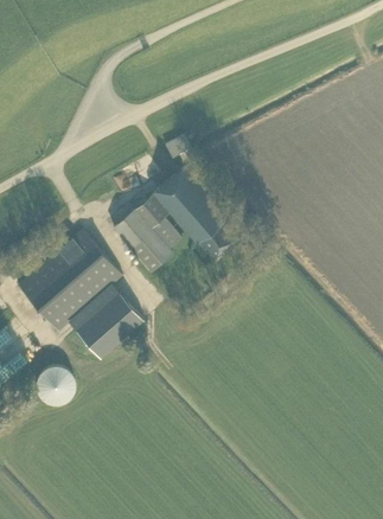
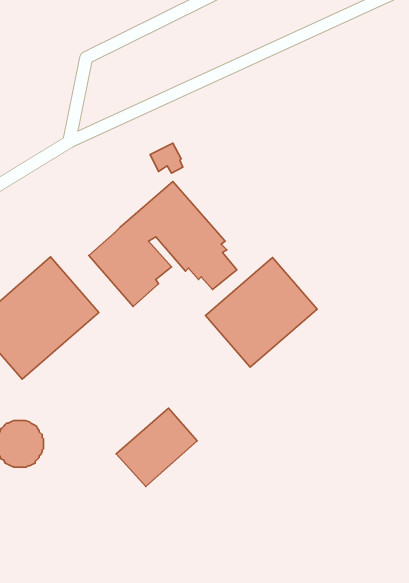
building: none -> [206,257,317,367]
building: [76,294,143,359] -> [116,408,197,486]

